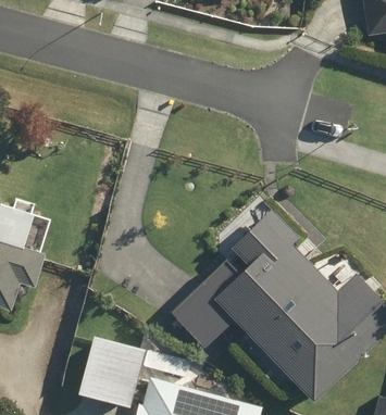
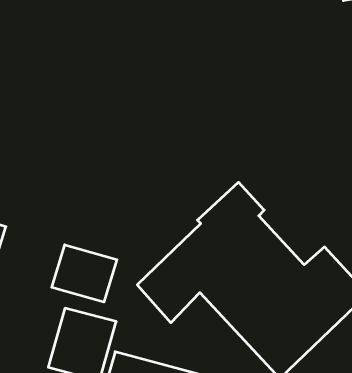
building: none -> [52,245,117,302]

